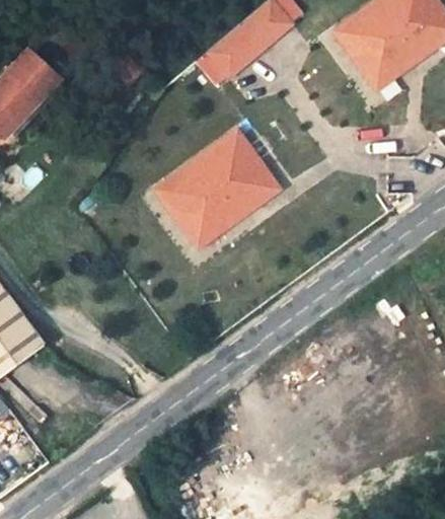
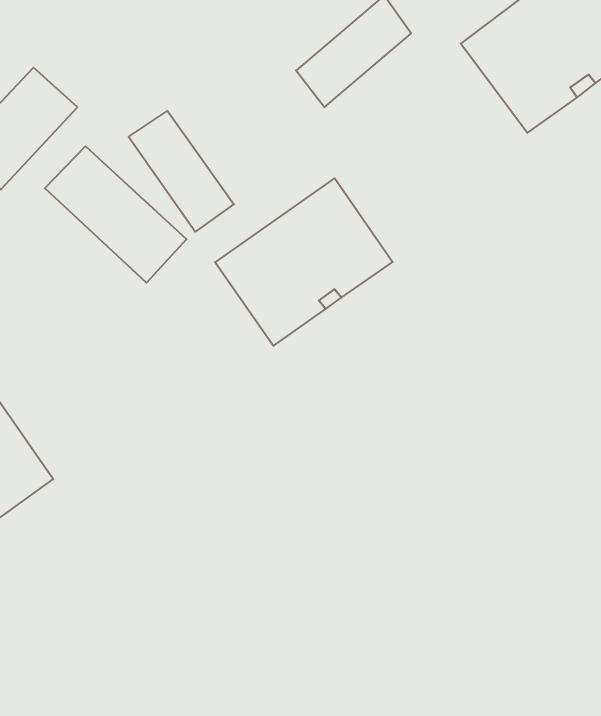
building: none -> [129,111,234,232]
building: none -> [45,146,187,283]

